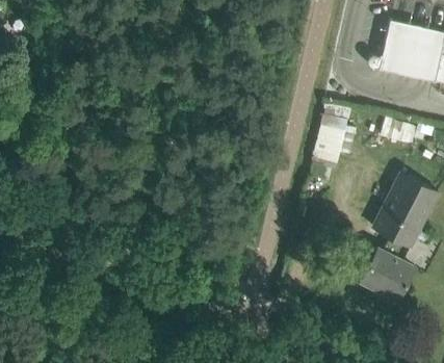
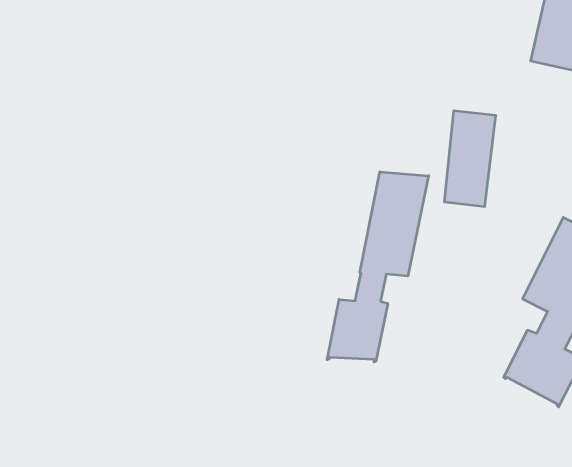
building: none -> [327,172,429,362]

